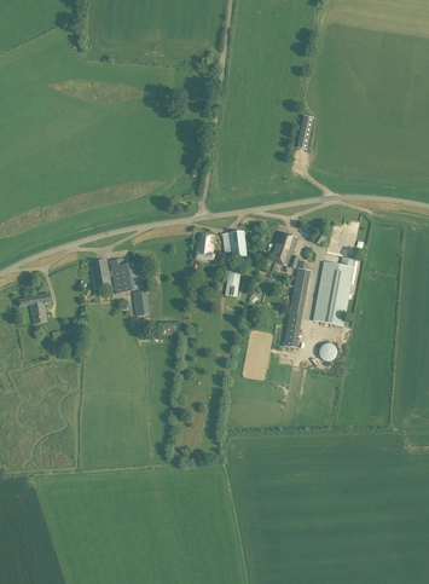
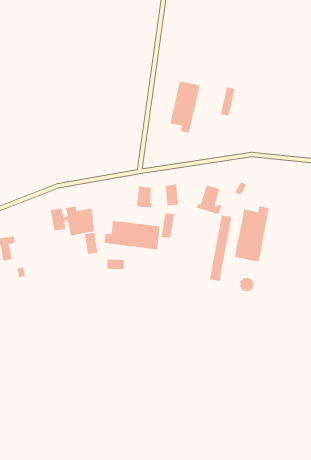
building: none -> [170,81,200,134]
building: none -> [104,220,160,250]

